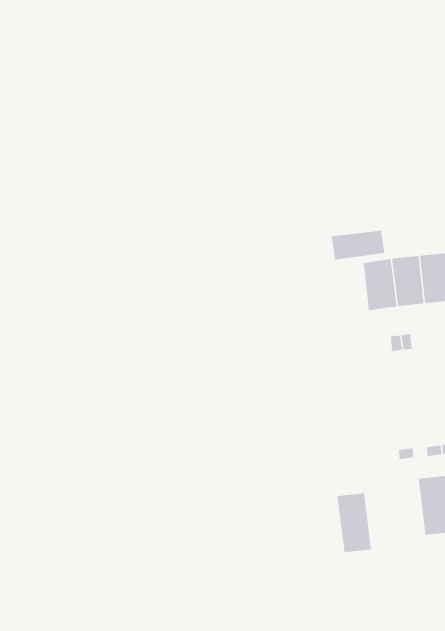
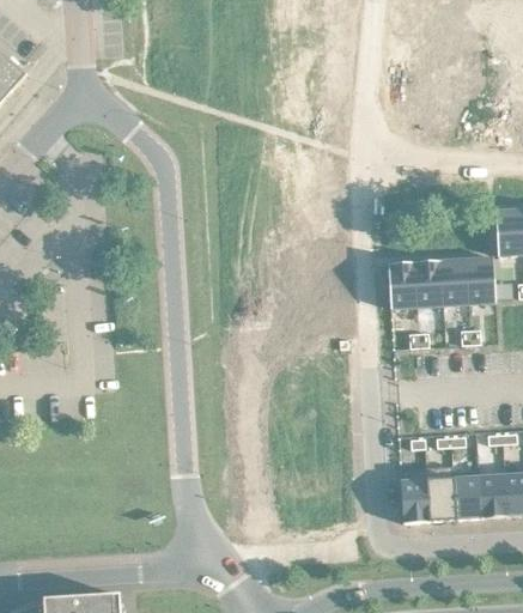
building: [331,230,385,260] -> none
building: [337,492,372,553] -> [399,467,428,522]

